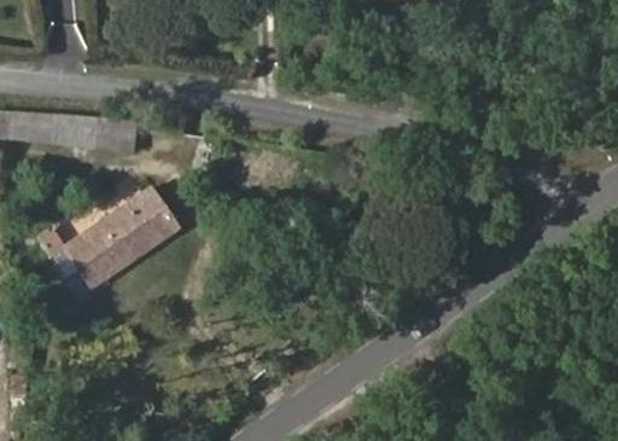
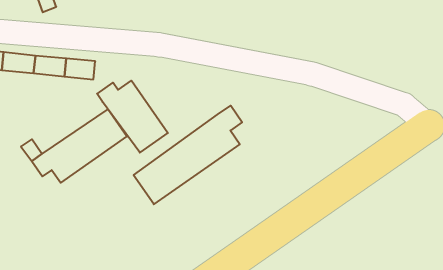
building: none -> [97,81,168,153]
building: none -> [134,106,242,204]

